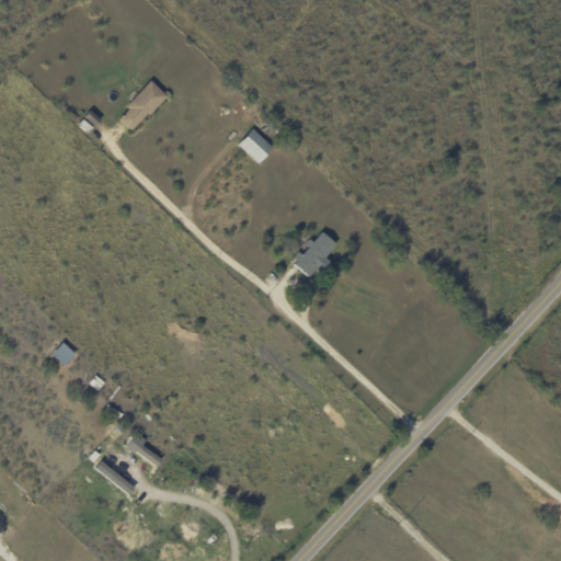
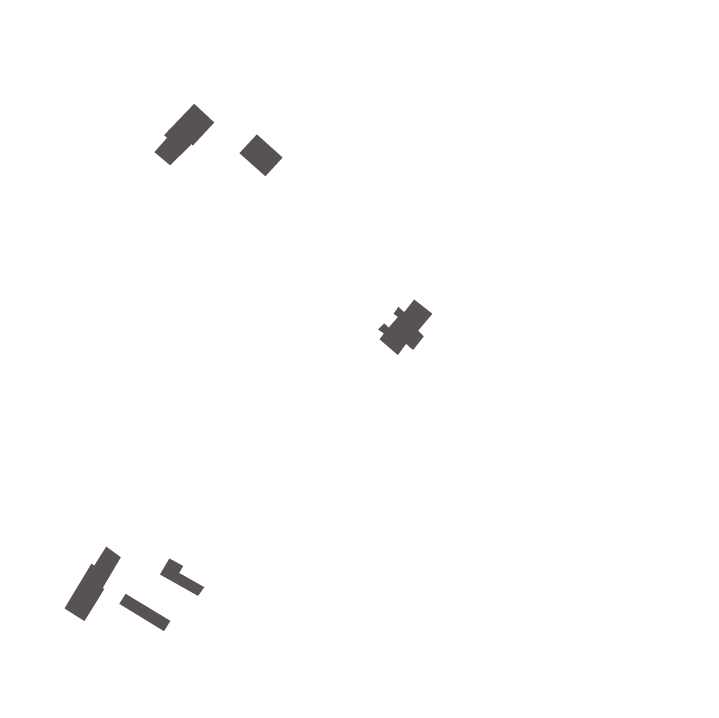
building: [239,128,274,162] -> [239,134,284,177]
building: none -> [63,545,122,622]

